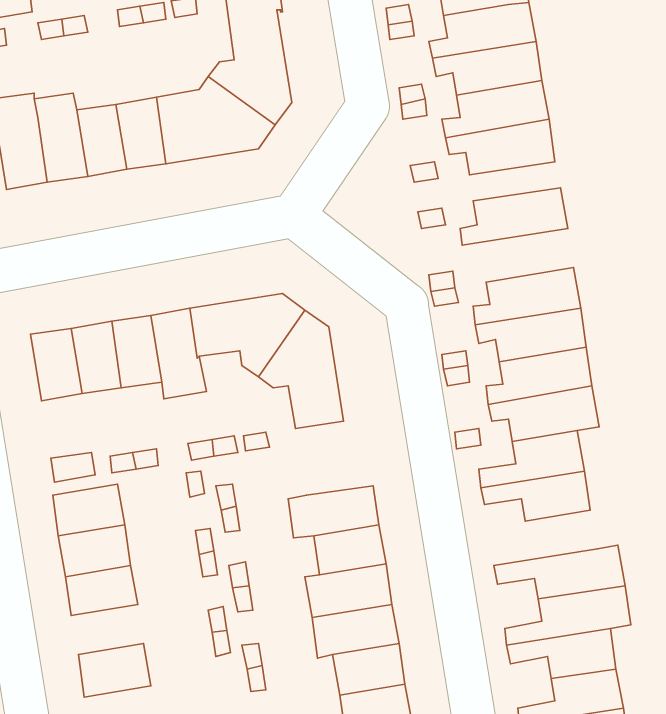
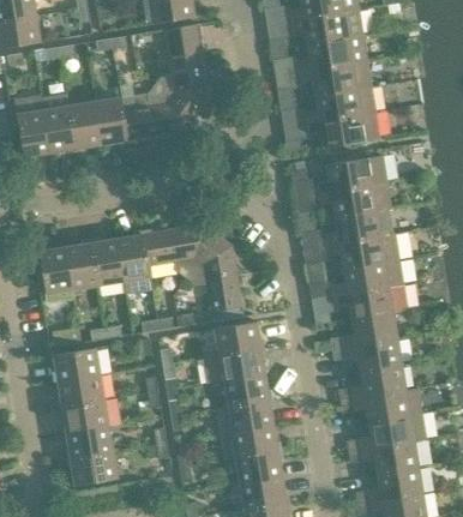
building: none -> [319,182,391,217]
building: none -> [215,321,261,355]
building: none -> [338,365,407,401]
building: none -> [66,426,113,458]

